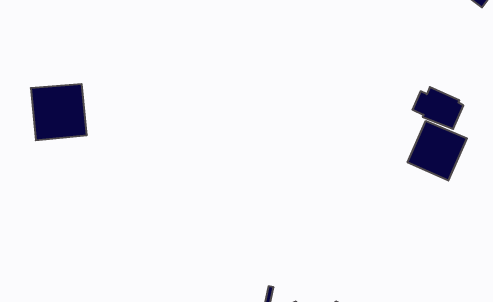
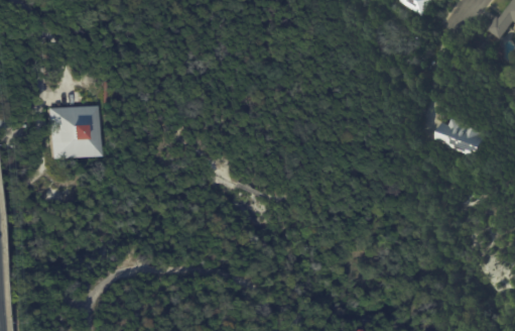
building: [408,121,467,181] -> none

